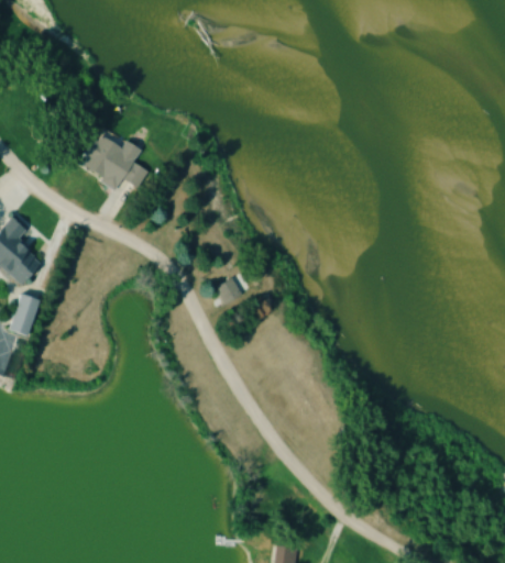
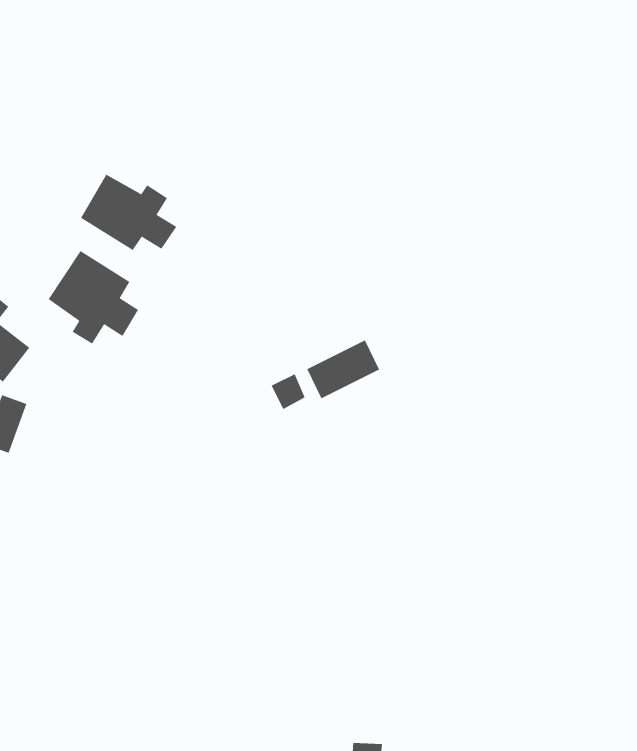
building: none -> [48,250,139,344]
building: none -> [306,340,380,399]

